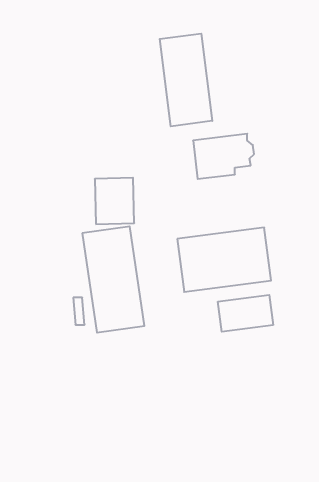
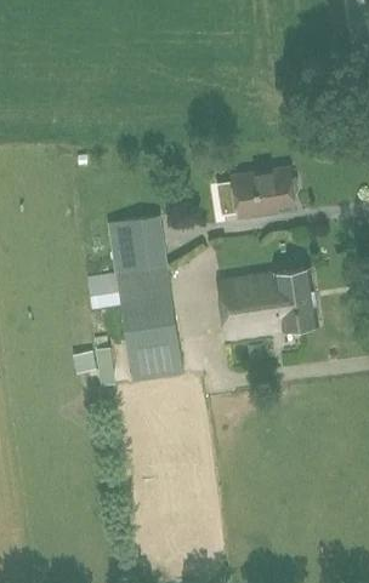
building: [160,34,212,126] -> none
building: [218,295,273,332] -> none

